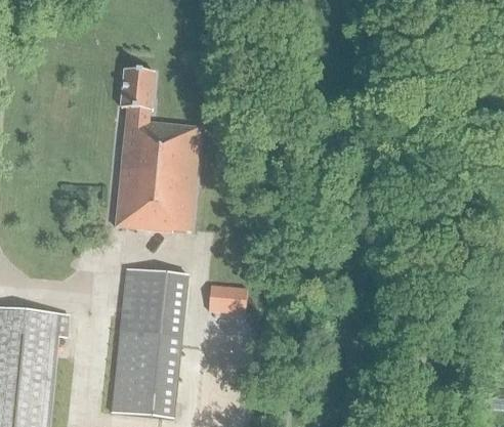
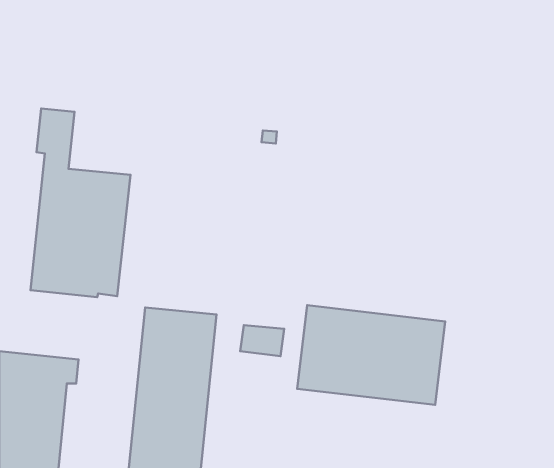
building: [115,69,201,231] -> [31,108,130,297]
building: none -> [297,305,445,405]

